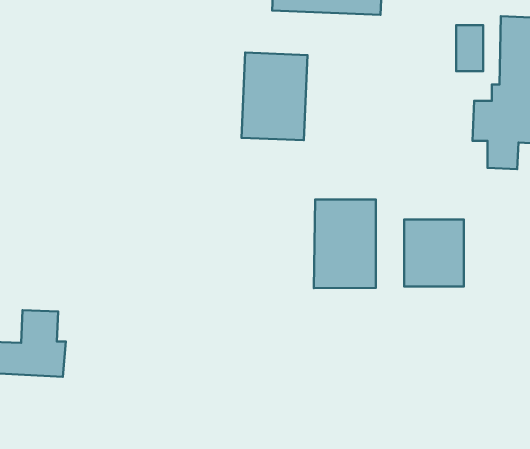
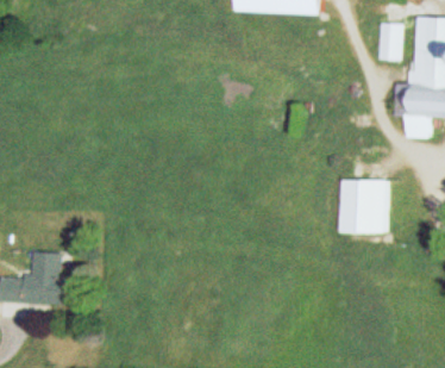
building: [242,53,307,140] -> none
building: [314,199,376,288] -> none

